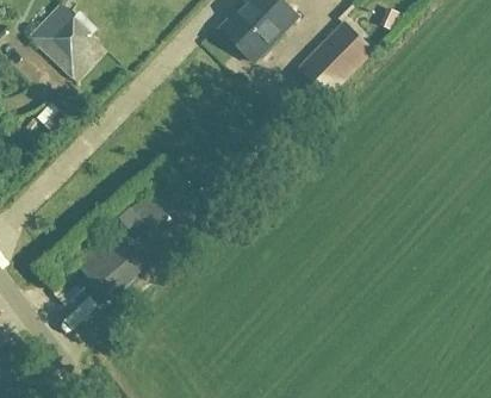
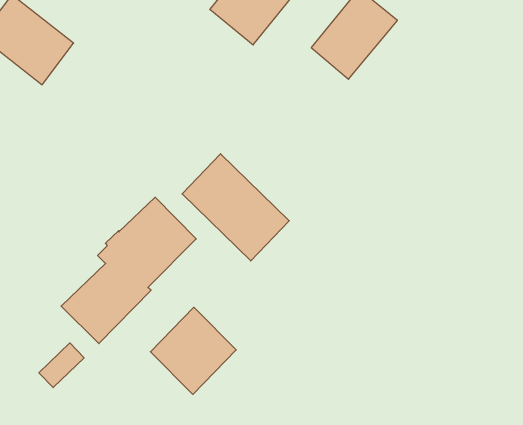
building: none -> [182,154,289,261]
building: none -> [150,307,236,394]

